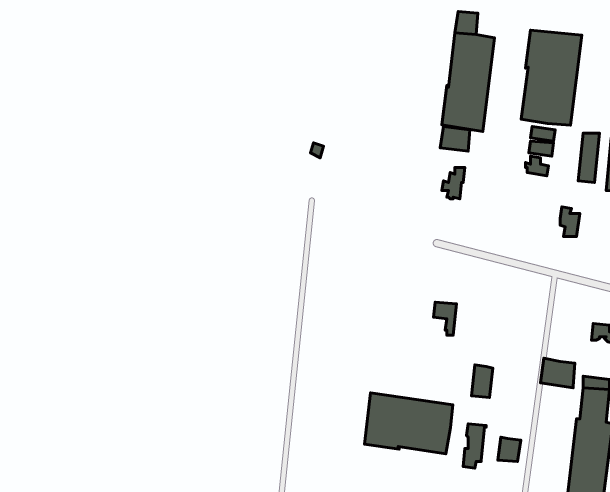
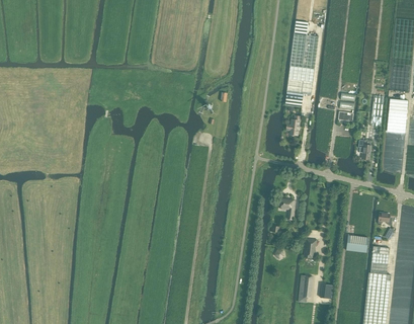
building: [521,30,582,125] -> none
building: [364,393,453,454] -> none

